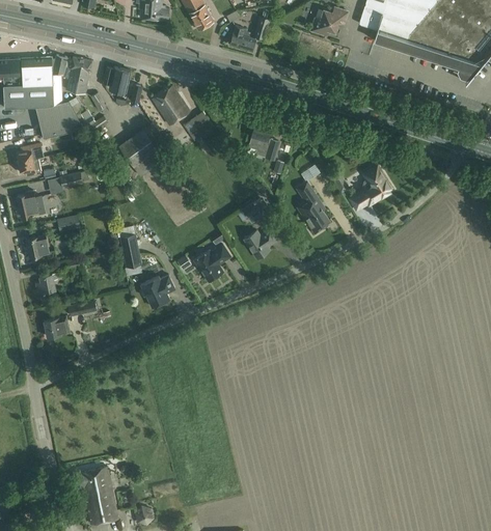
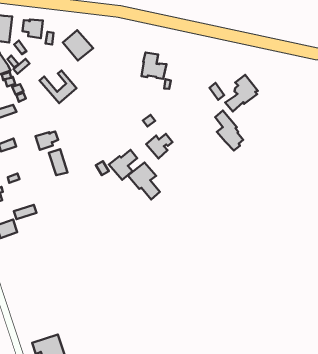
building: [184,110,214,140] -> none
building: [297,180,329,232] -> [215,111,243,151]
building: none -> [35,131,58,150]
building: none -> [128,162,160,199]
building: [141,274,175,306] -> none

